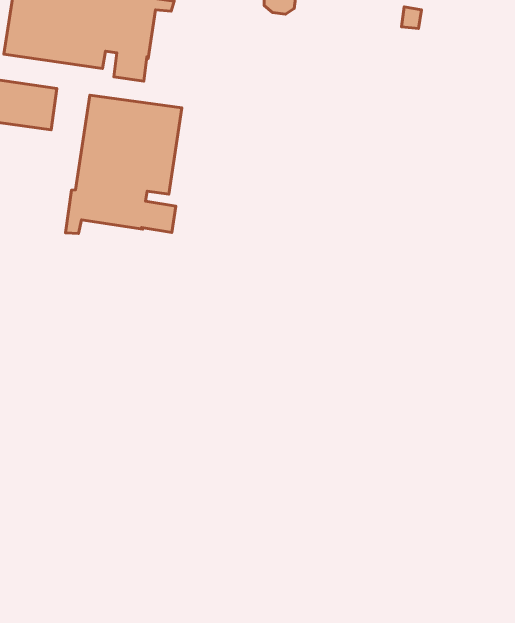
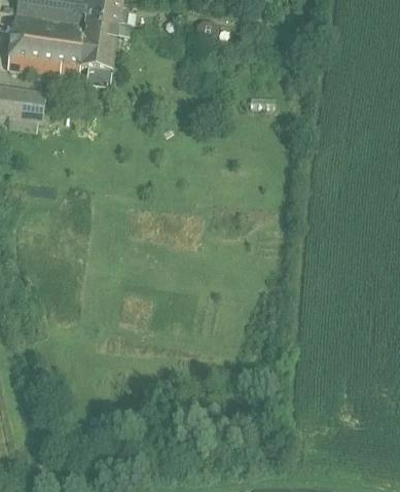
building: [65,95,182,233] -> none

